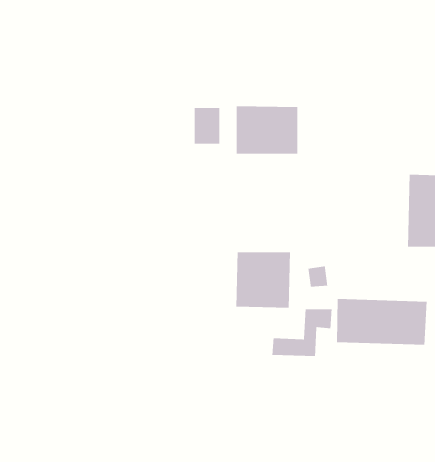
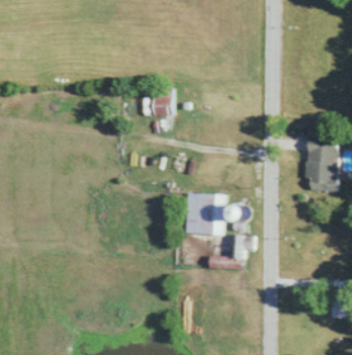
building: [236,105,298,155] -> none
building: [336,298,427,346] -> none

